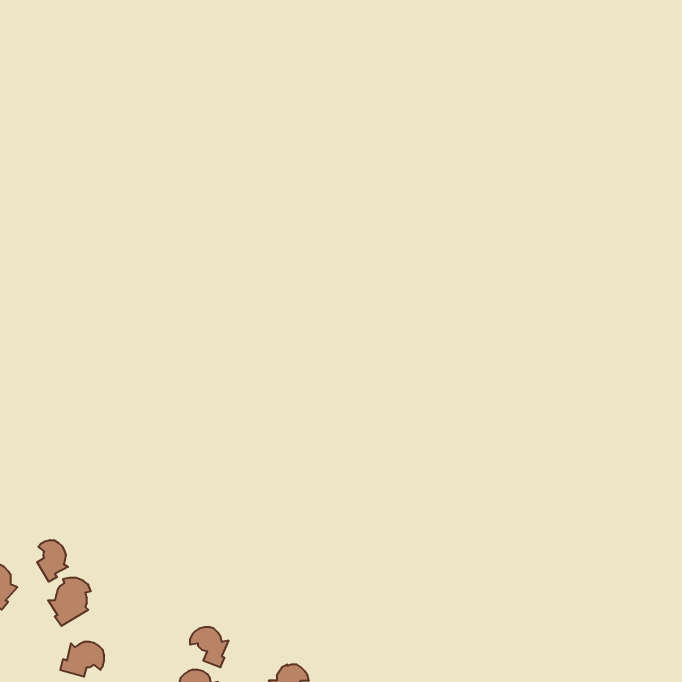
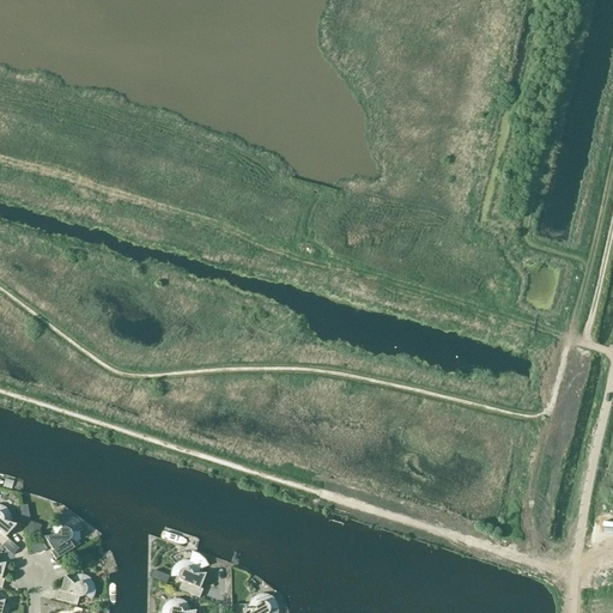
building: [37,540,68,582] -> none

